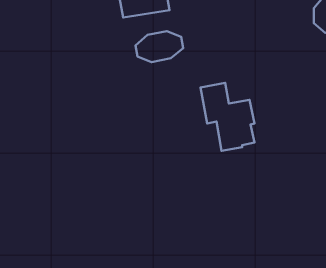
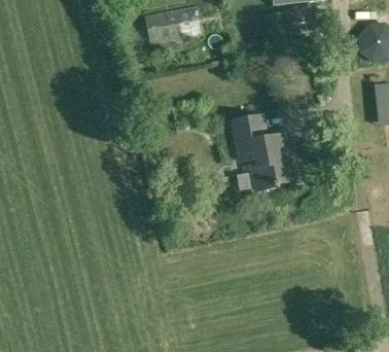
building: [135,31,183,62] -> none

